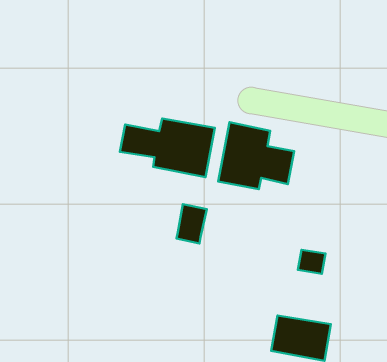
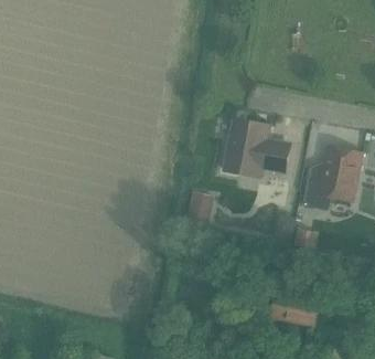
building: [120,119,215,177] -> none
building: none -> [303,146,362,211]

